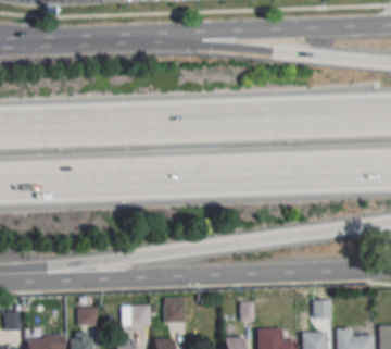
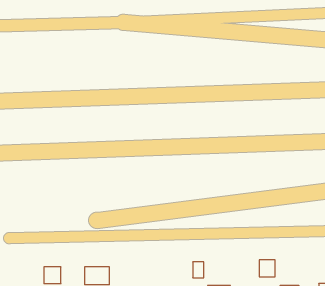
building: [164,297,185,321] -> none

